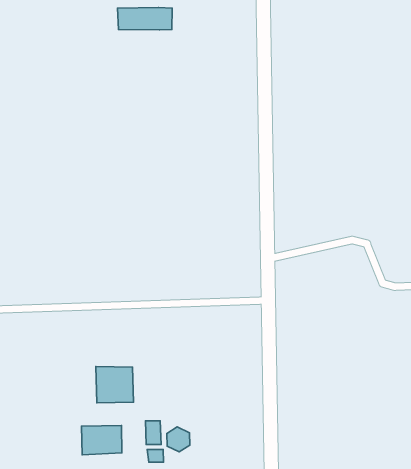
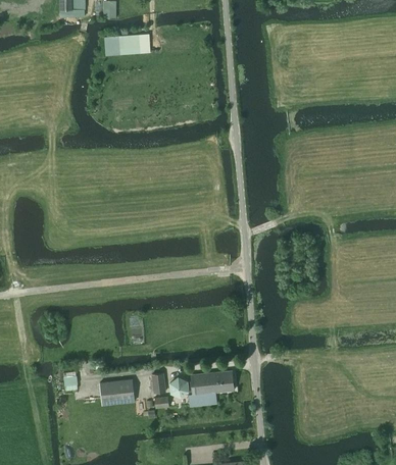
building: [96,367,133,403] -> none
building: none -> [188,371,234,407]

